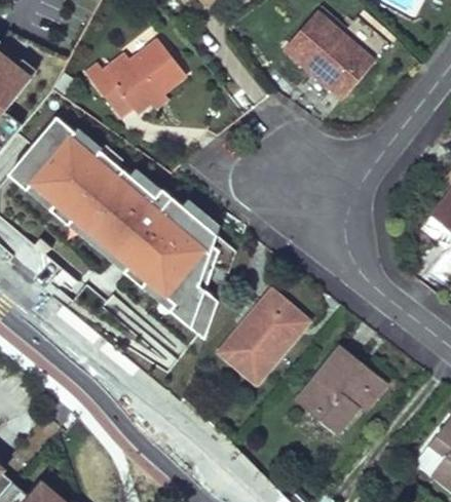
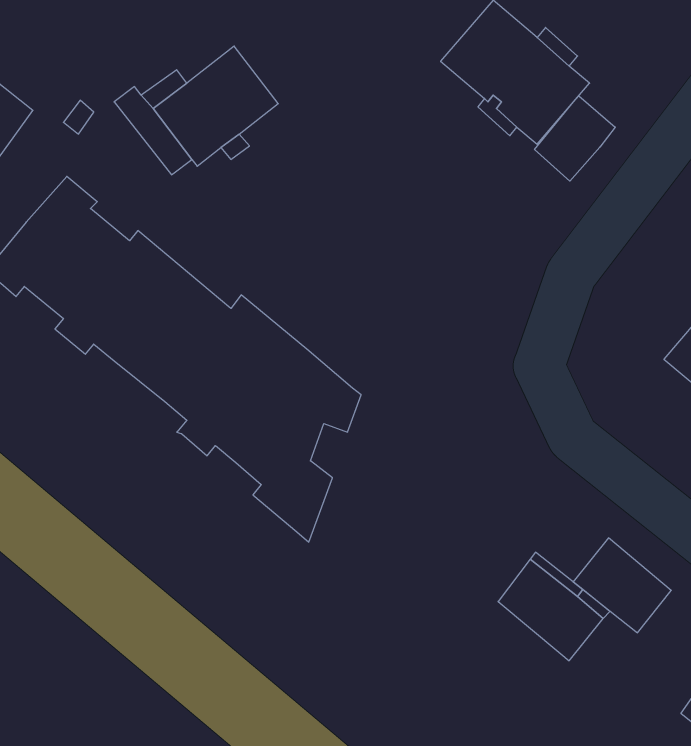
building: none -> [535,96,615,181]
building: [219,289,308,383] -> none
building: [297,376,356,433] -> [573,538,671,633]

